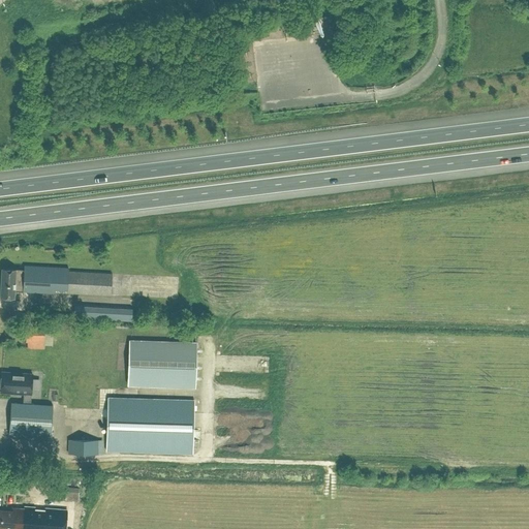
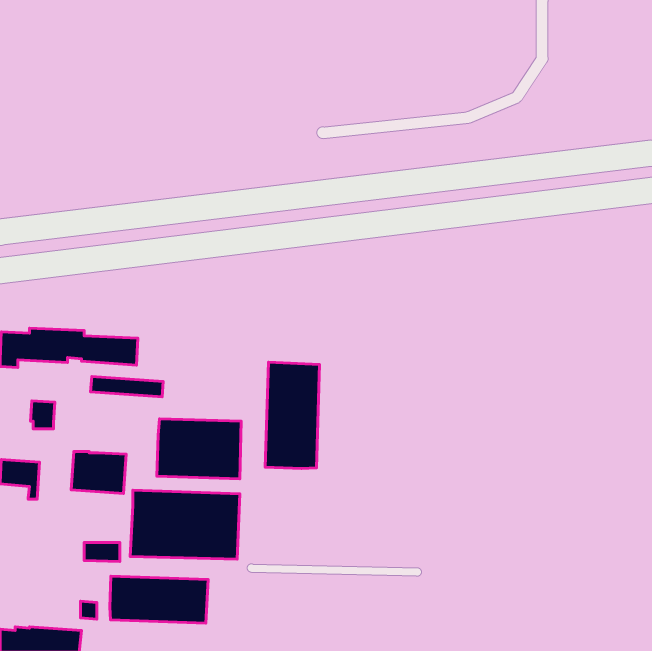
building: none -> [265,362,320,468]
building: [8,404,53,438] -> [71,451,126,494]
building: none -> [110,576,208,623]

